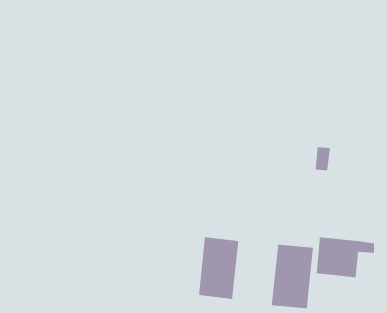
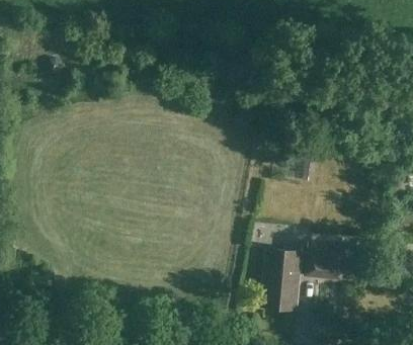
building: [198,236,239,300] -> none

